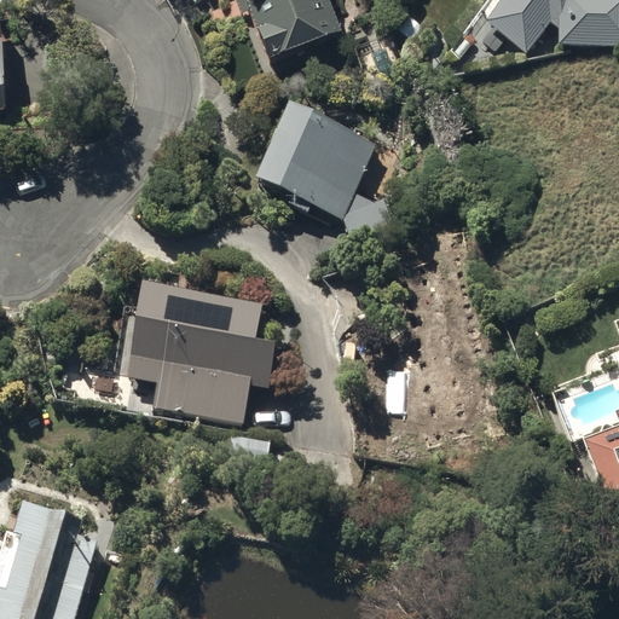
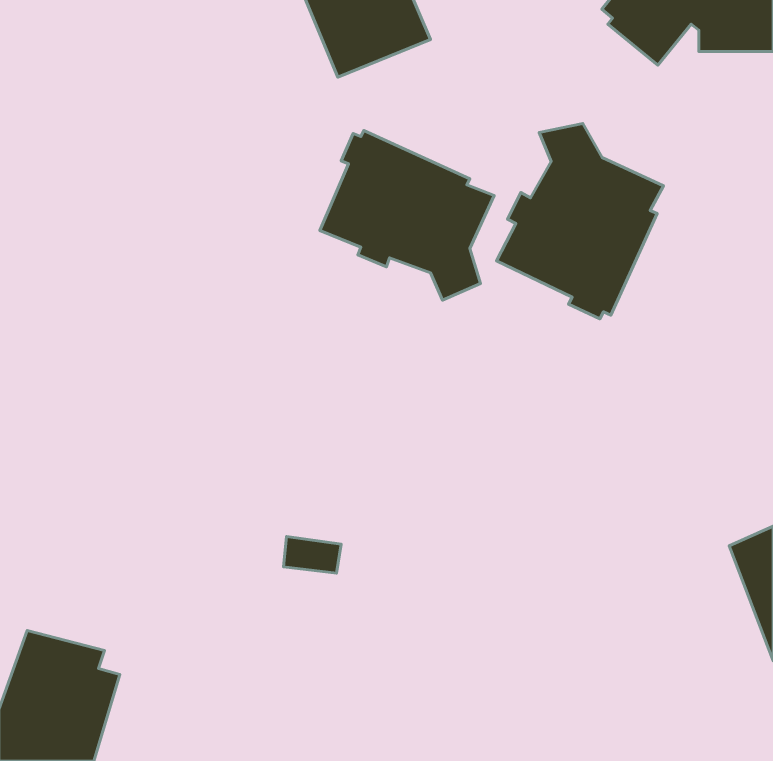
building: none -> [496,123,664,319]
building: [128,288,279,421] -> none

